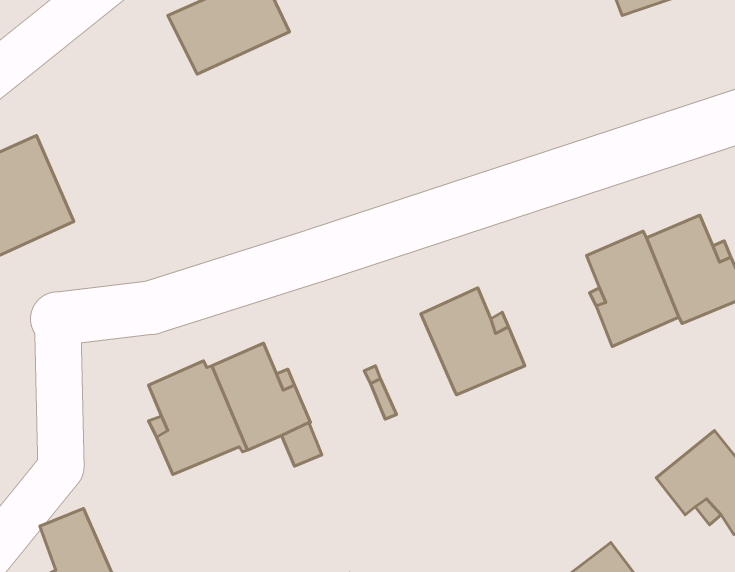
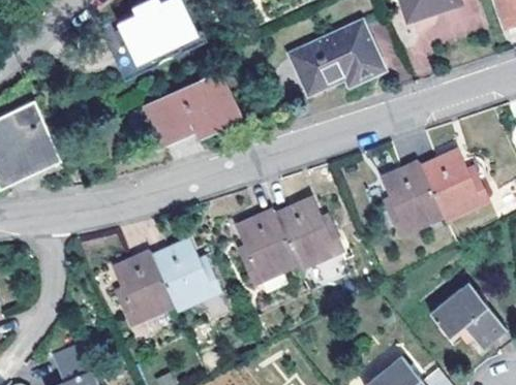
building: none -> [289,24,381,96]
building: none -> [146,70,238,142]
building: none -> [243,208,301,278]

